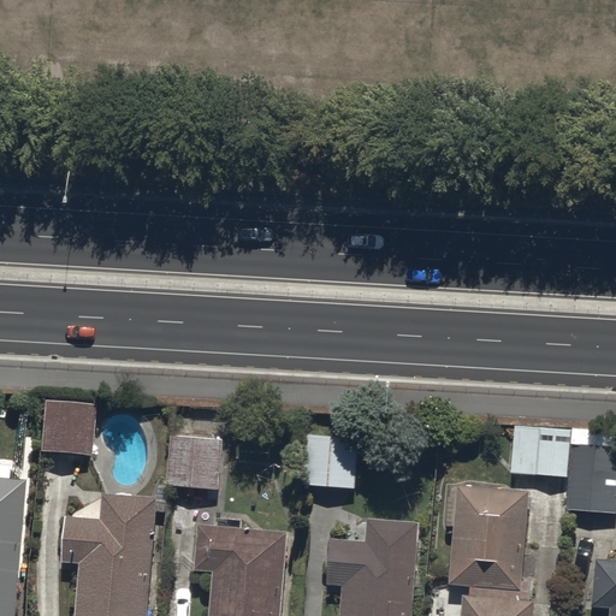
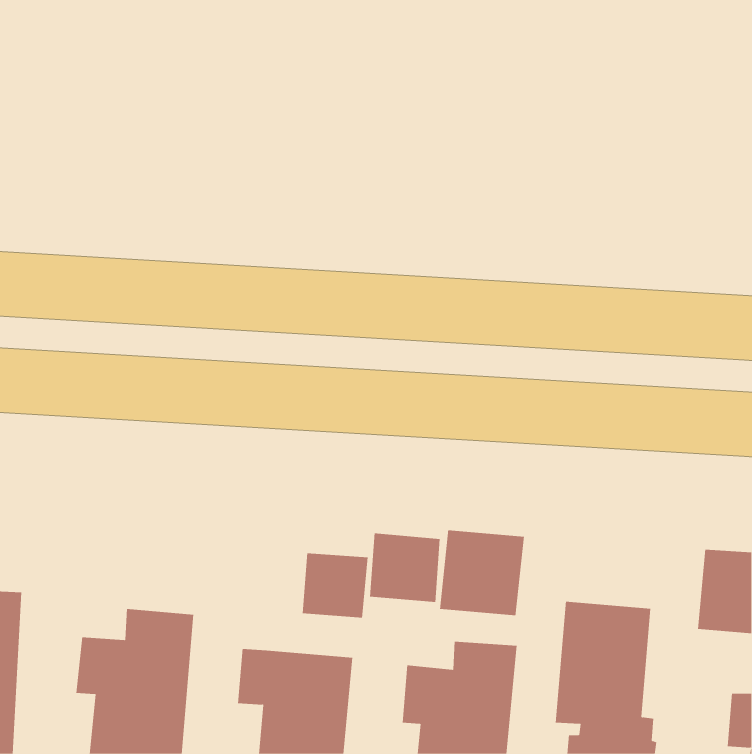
building: [36,403,90,456] -> none
building: [509,428,568,476] -> none
building: none -> [439,529,524,616]
building: [166,436,220,488] -> [302,553,369,618]

